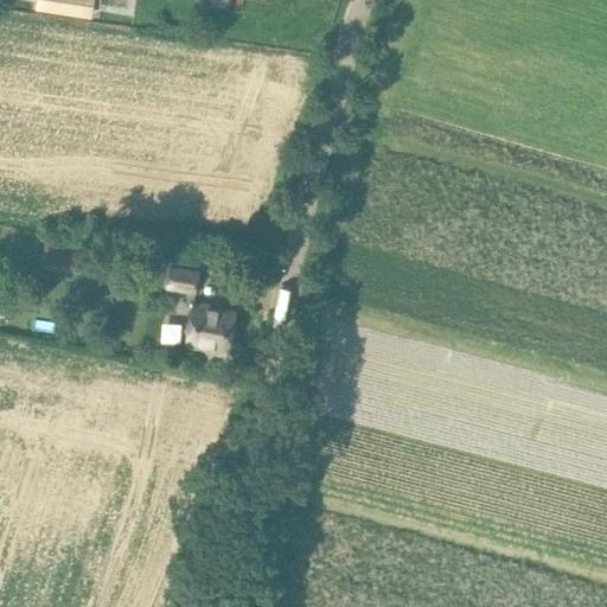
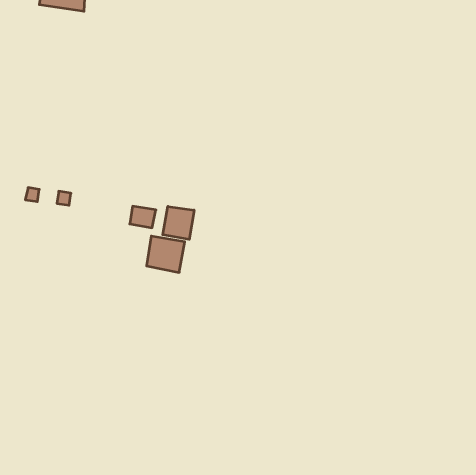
building: none -> [163,206,194,239]

